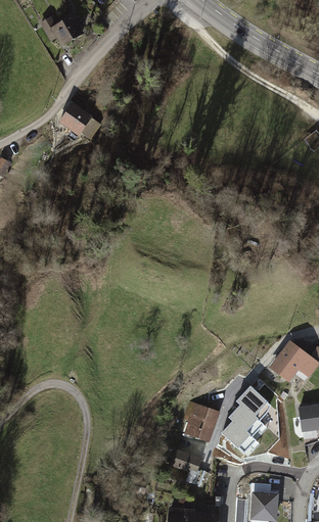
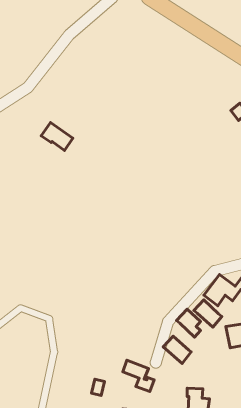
building: [51,12,82,45] -> none
building: [60,104,99,139] -> [41,123,73,151]
building: [228,402,263,436] -> [194,300,222,327]
building: [188,405,217,440] -> none

